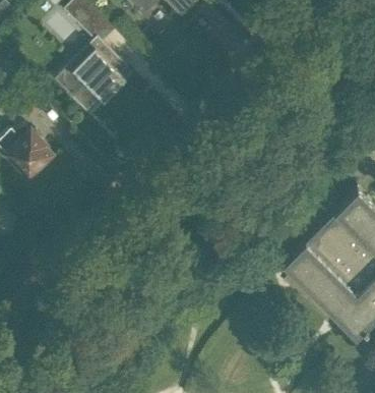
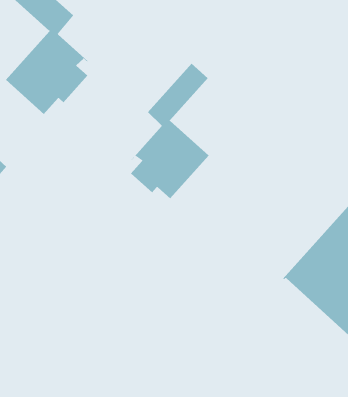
building: none -> [130,63,209,199]

